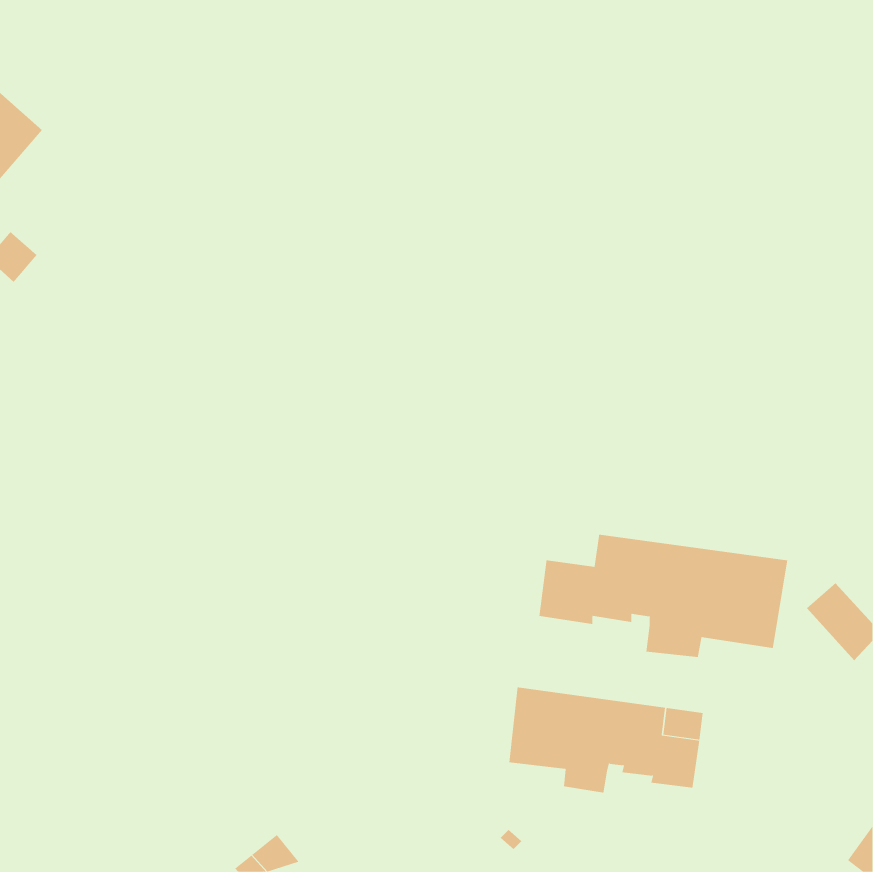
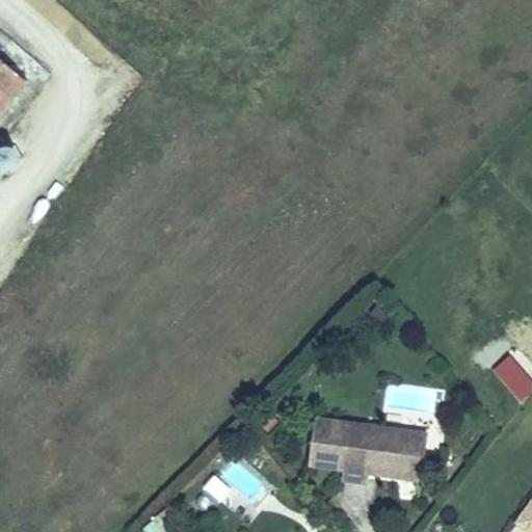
building: [539,534,788,658] -> none

